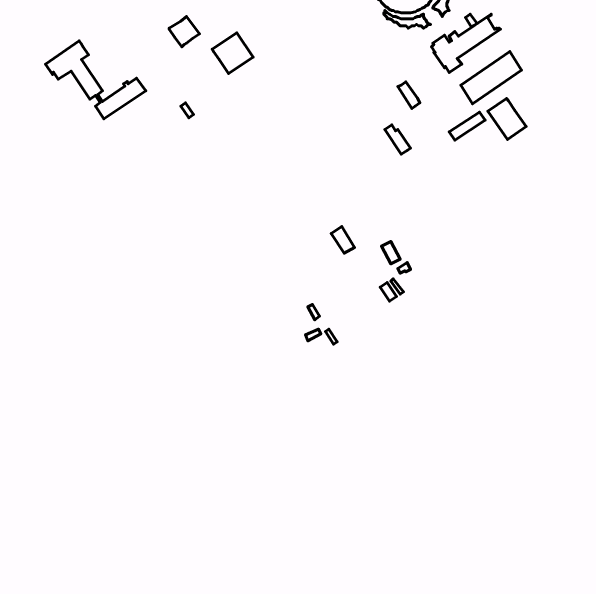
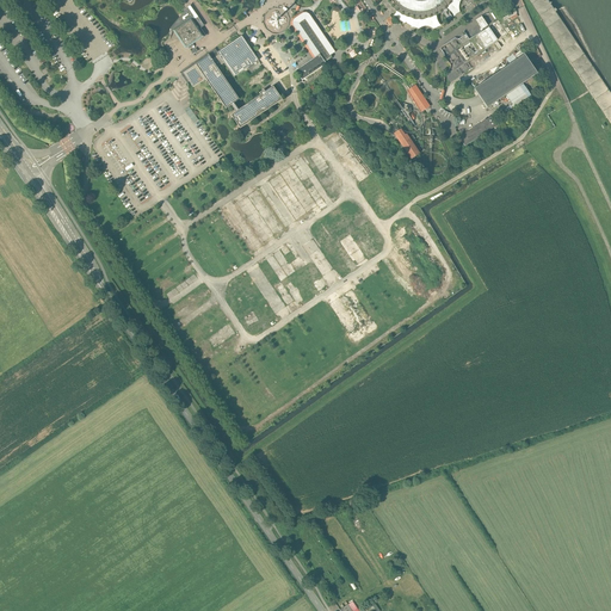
building: none -> [296,16,332,79]
building: [45,41,146,119] -> [180,47,283,126]
building: [488,98,526,140] -> none

